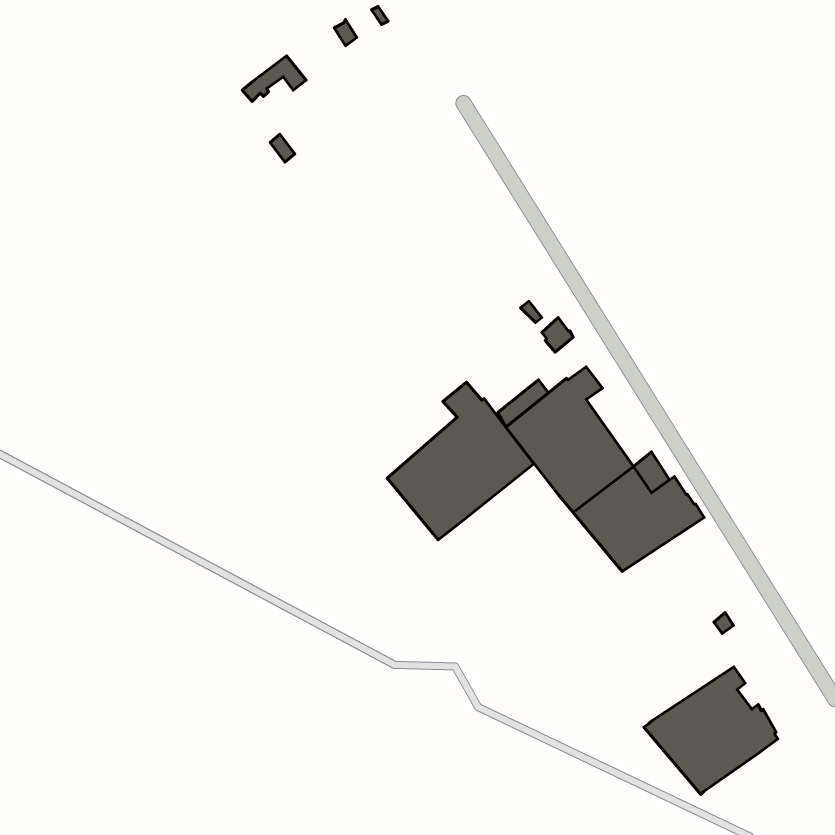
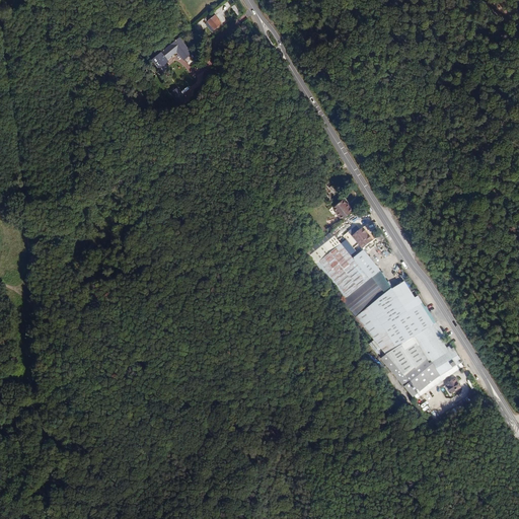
building: [387,382,534,540] -> none
building: [644,667,778,794] -> [380,321,463,400]

